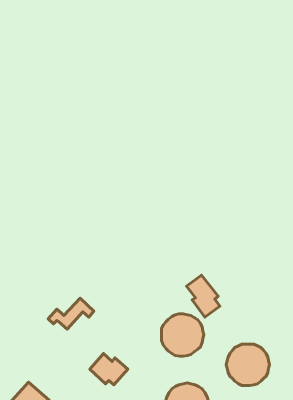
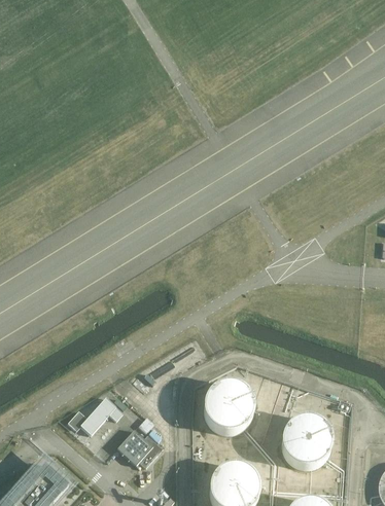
building: [187,275,220,317] -> none
building: [48,298,94,329] -> [68,397,122,434]

